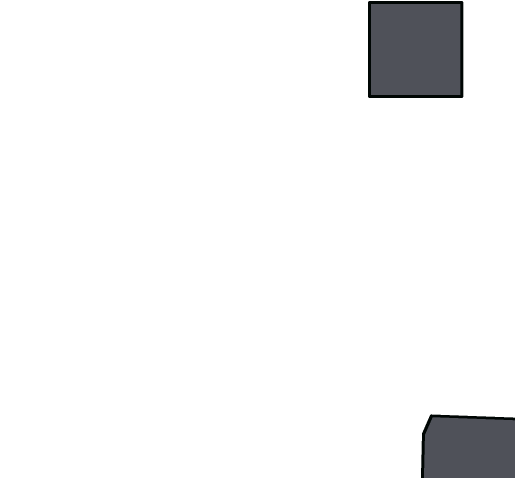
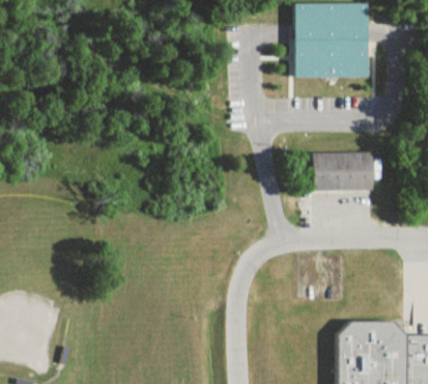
building: none -> [313,154,372,190]

